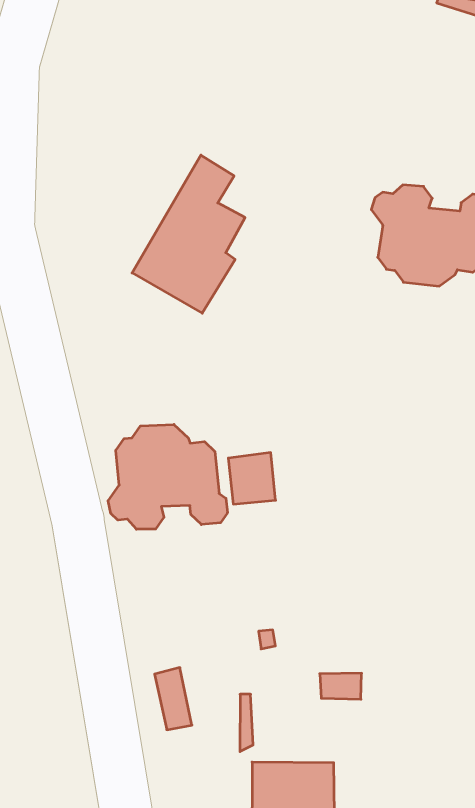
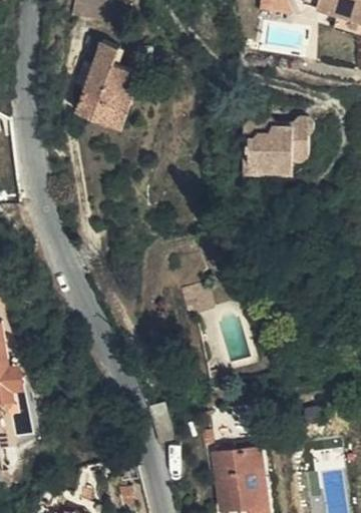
building: [132,155,245,313] -> [74,37,134,128]
building: [108,424,227,529] -> none

